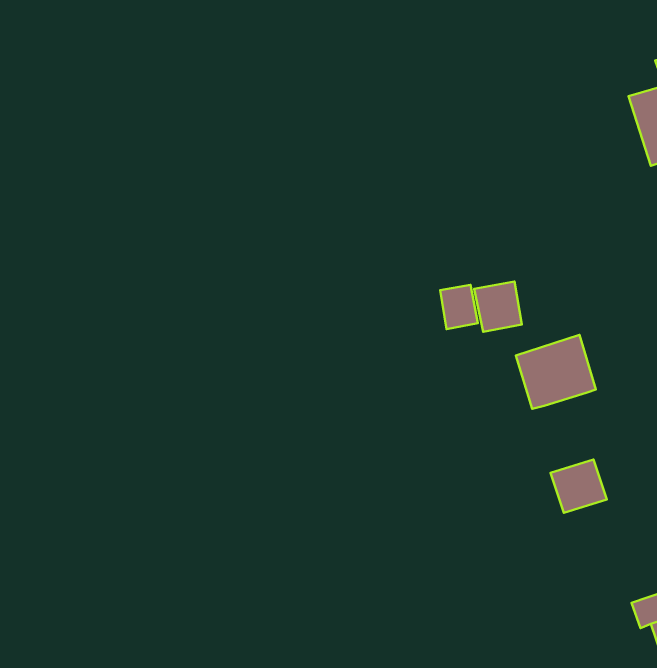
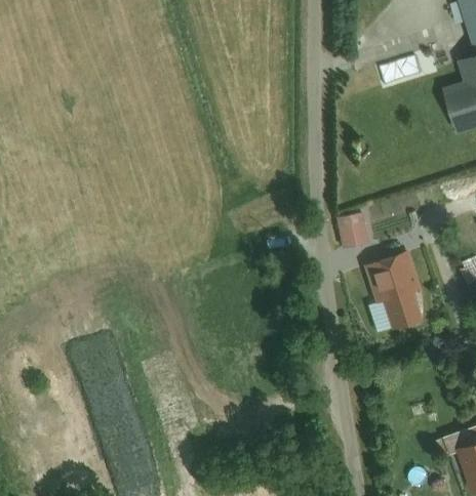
building: [440,285,478,329] -> none
building: [550,459,607,513] -> [383,291,422,328]

